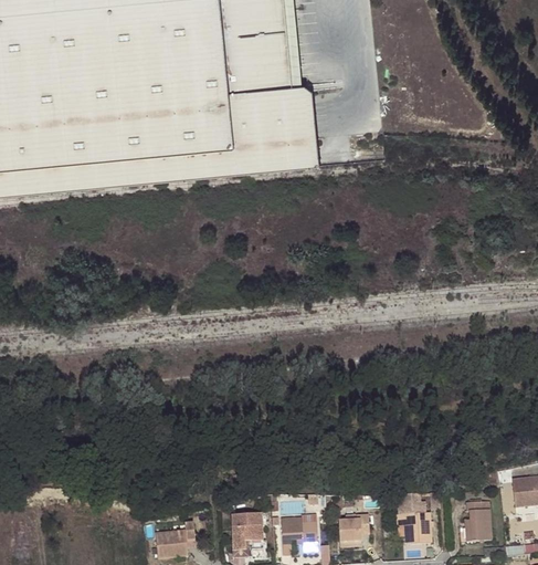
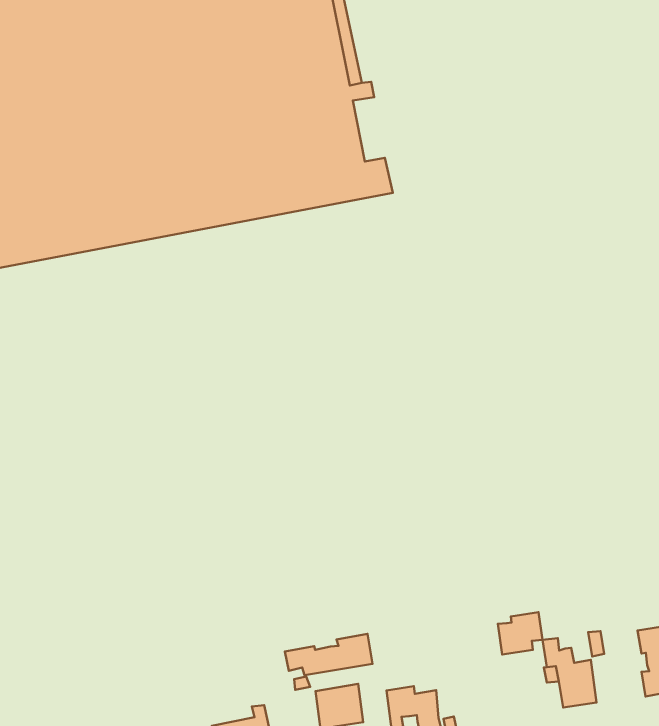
building: [297,95,316,140] -> none
building: none -> [285,634,372,675]
building: [337,514,368,542] -> [498,612,543,654]

